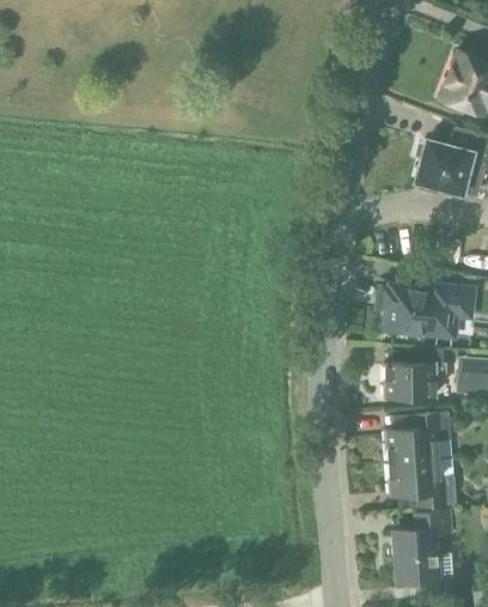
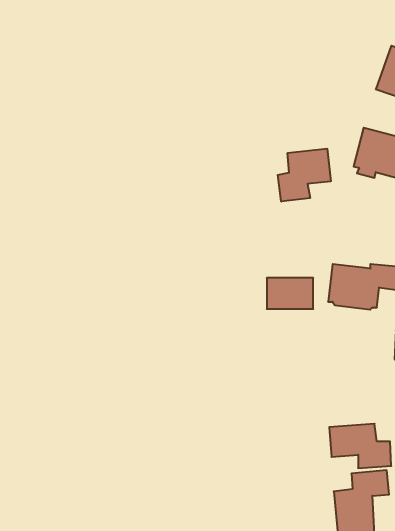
building: none -> [278,149,331,202]
building: [385,364,435,397] -> [267,278,313,309]
building: [386,412,451,463] -> none

